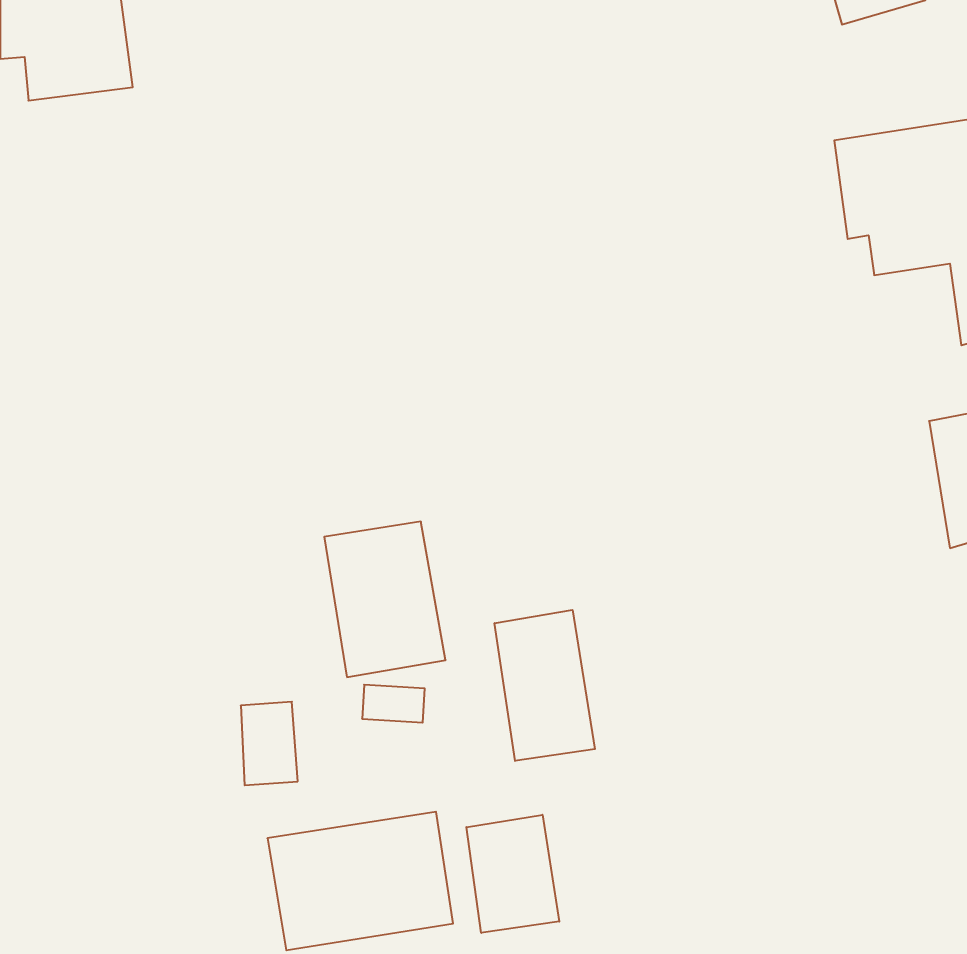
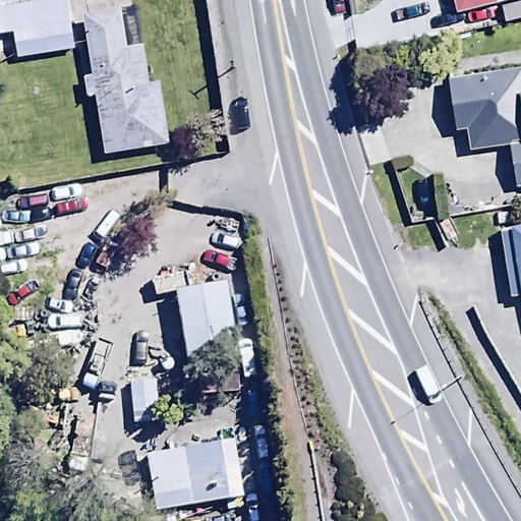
building: none -> [81,4,171,154]
building: [495,610,595,761] -> none
building: [466,815,559,933] -> none

